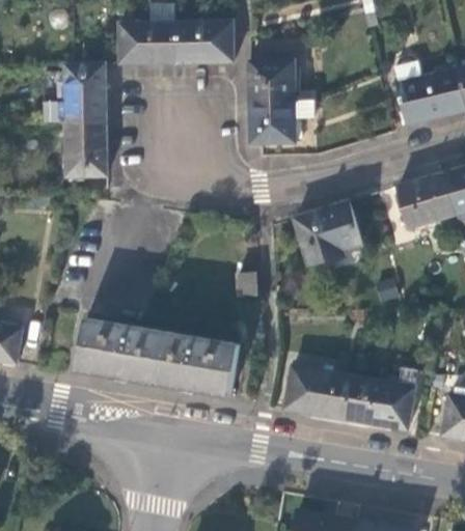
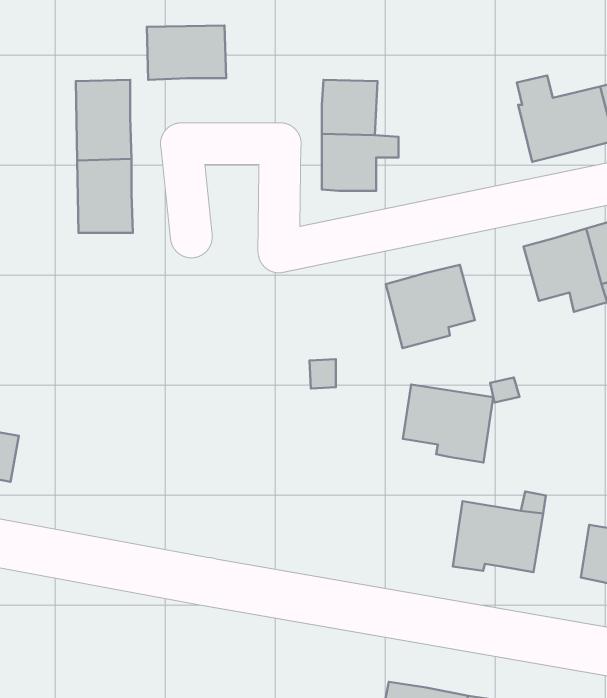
building: [176,21,235,61] -> none
building: [77,318,239,394] -> none
building: [286,367,354,425] -> [403,385,493,463]

